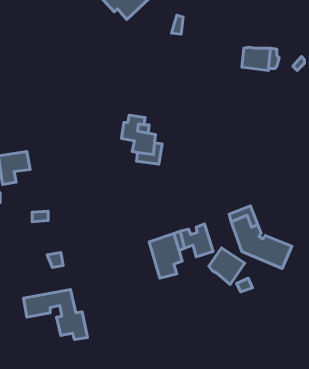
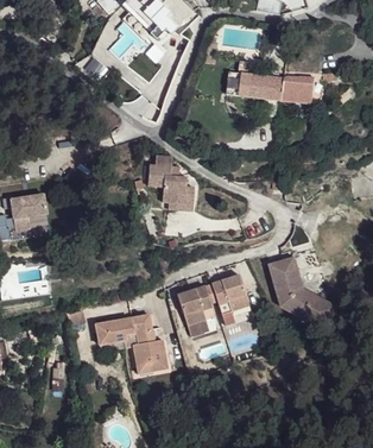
building: none -> [235,62,284,100]
building: [209,248,245,284] -> none
building: [24,290,87,340] -> [97,315,169,371]

